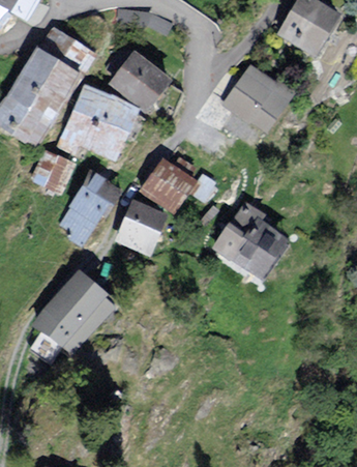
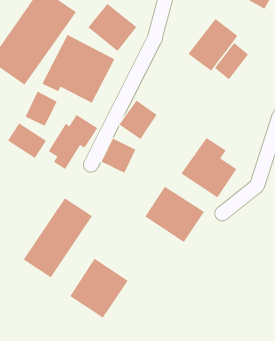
building: none -> [7,123,47,159]
building: none -> [145,186,205,243]
building: none -> [70,258,128,319]

